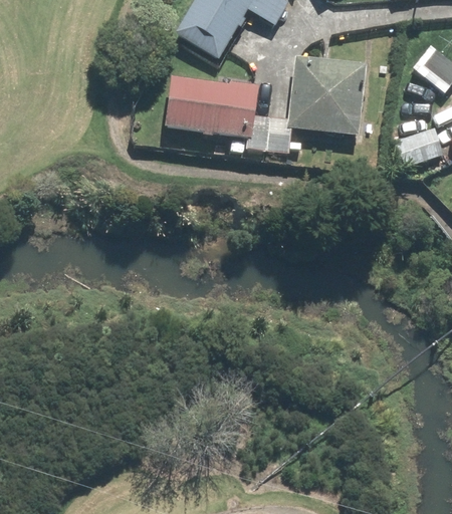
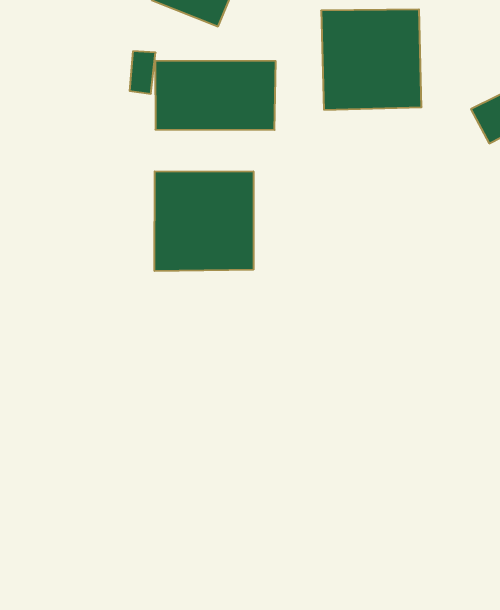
building: none -> [155,171,253,271]

